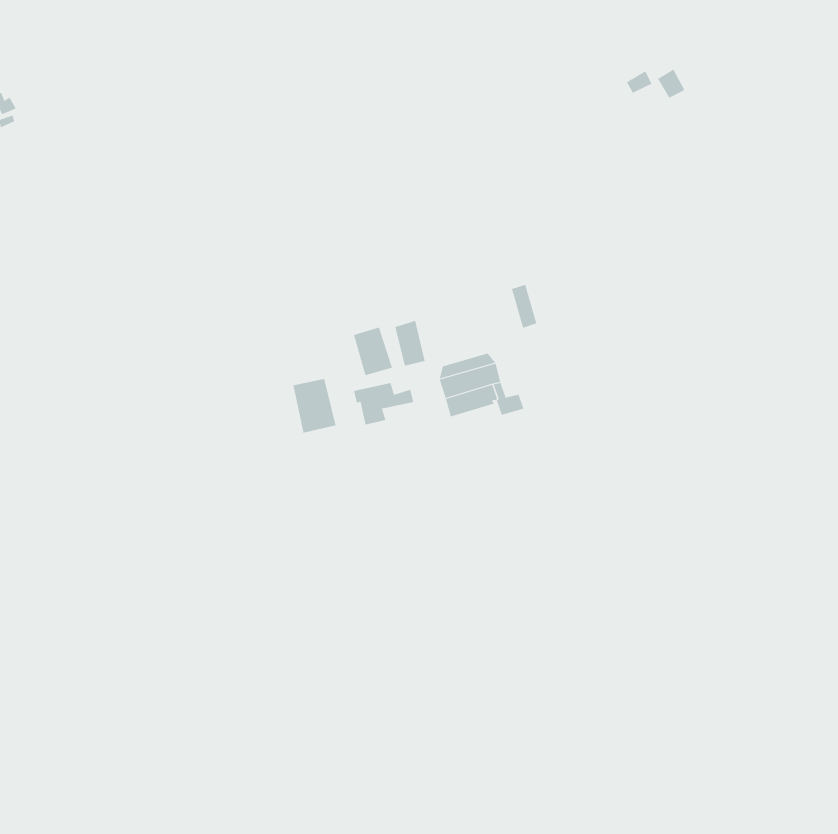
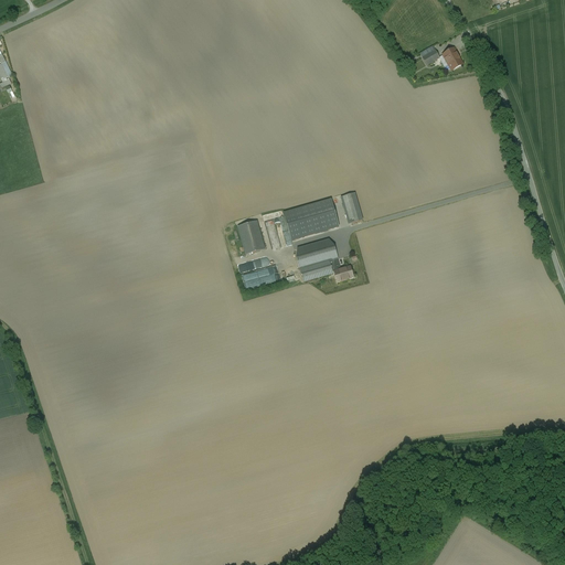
building: none -> [282,196,338,238]
building: [293,378,336,433] -> none

